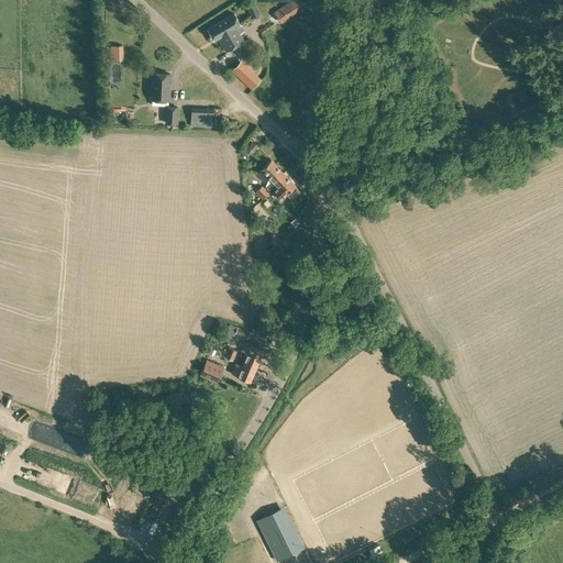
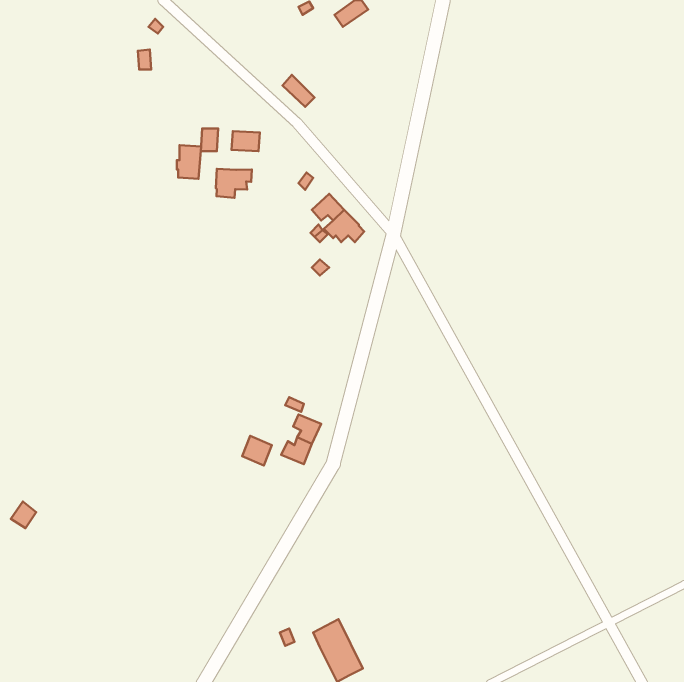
building: [207,14,246,53] -> none
building: [151,74,170,101] -> [177,145,201,179]
building: none -> [216,169,252,198]

